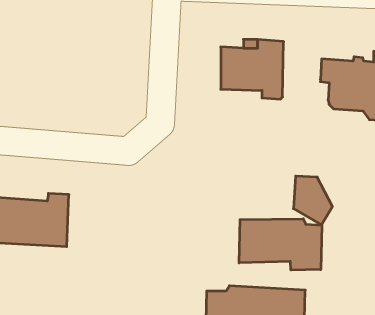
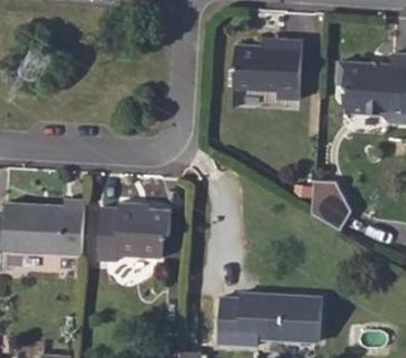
building: none -> [98,200,171,257]
building: [239,219,322,270] -> none

